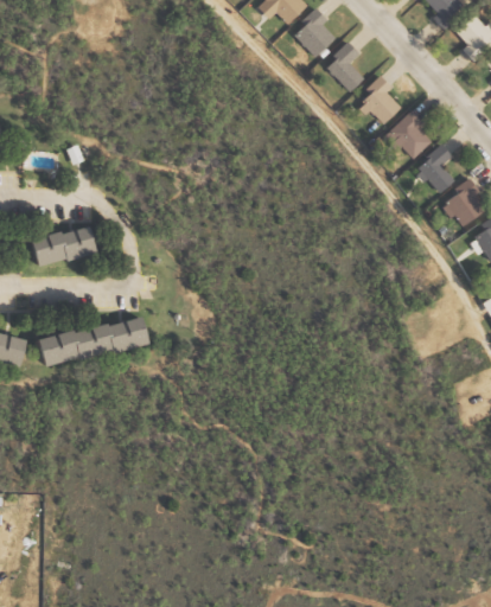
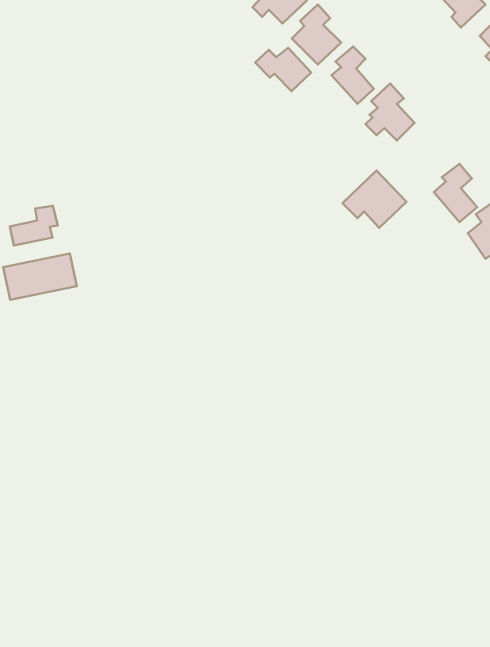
building: none -> [255,48,311,91]
building: [381,111,436,161] -> [343,171,407,228]
building: none -> [10,206,58,245]
building: [47,314,157,365] -> none

